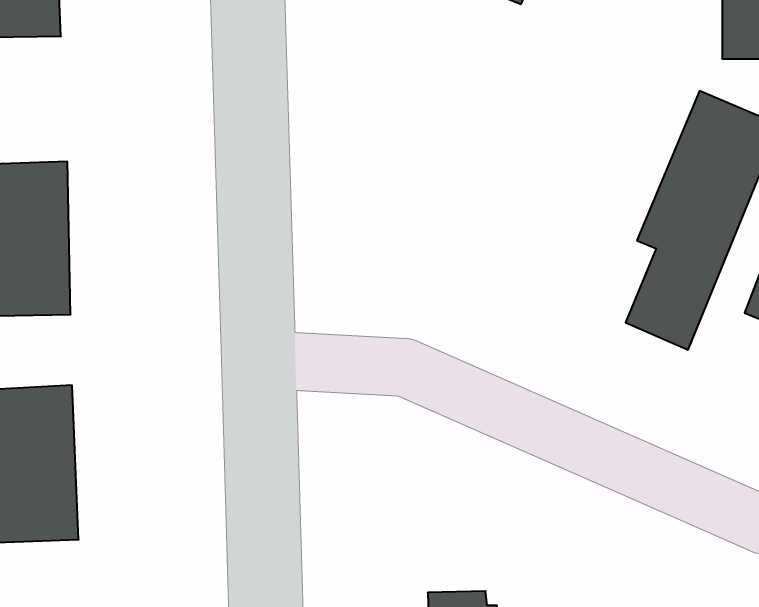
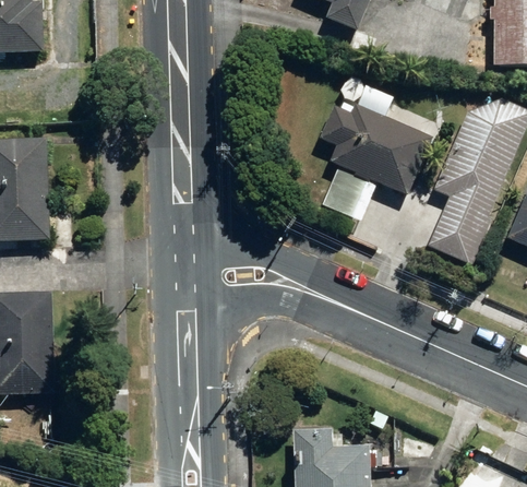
building: none -> [321,97,433,221]

